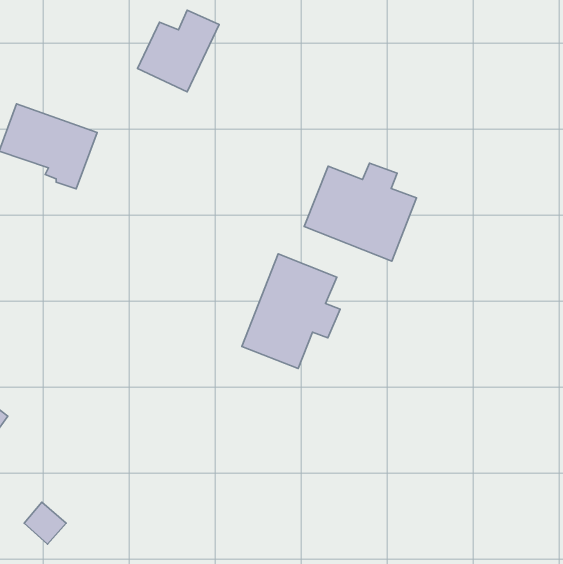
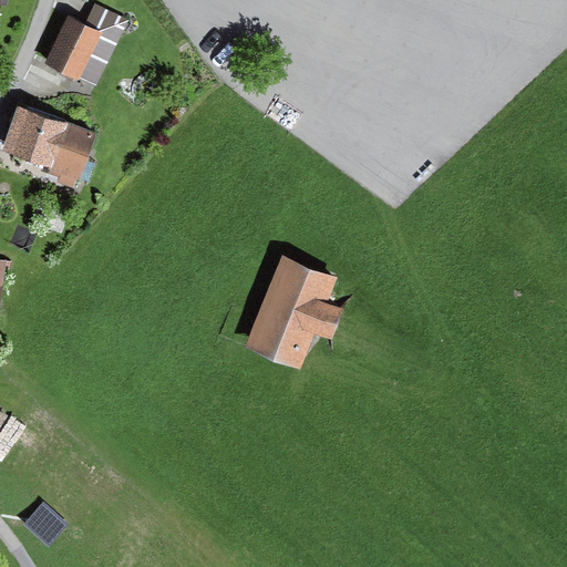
building: [138,10,219,92] -> [44,4,126,86]
building: [304,163,416,261] -> none

